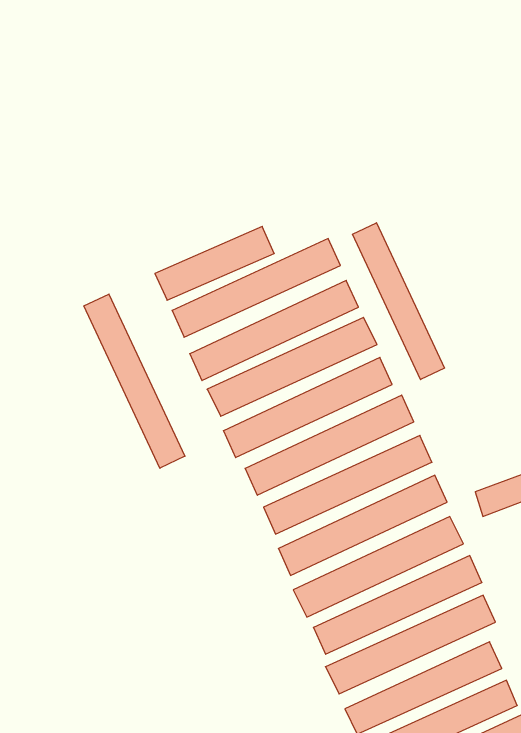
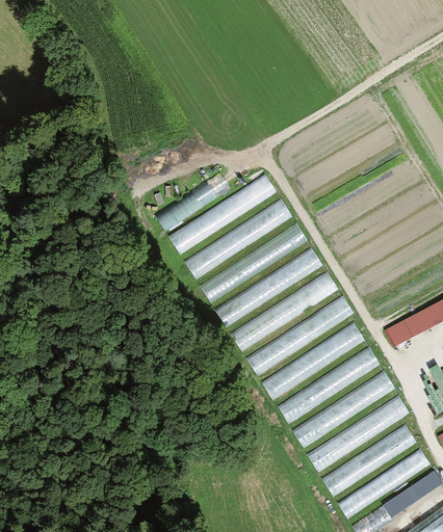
building: [353,223,445,380] -> none
building: [84,294,185,468] -> none

